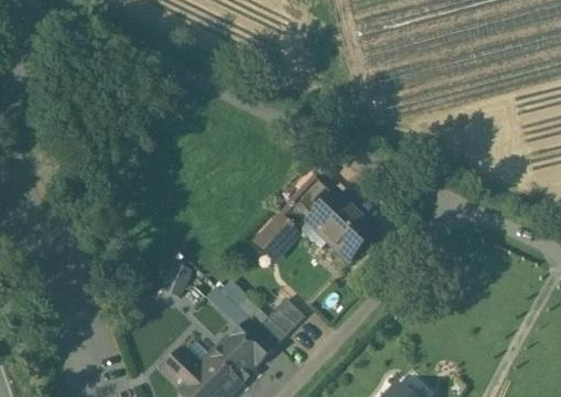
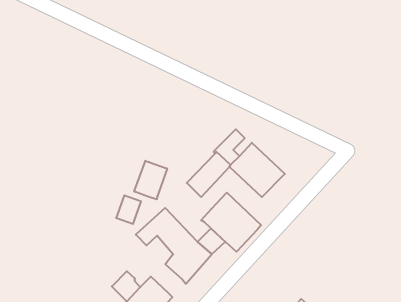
building: none -> [134,161,167,199]
building: none -> [201,193,261,252]
building: [211,339,249,377] -> none

